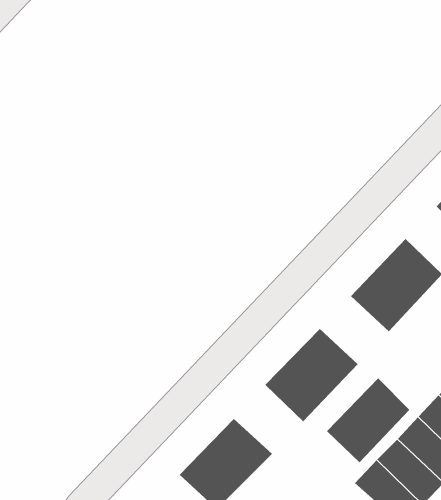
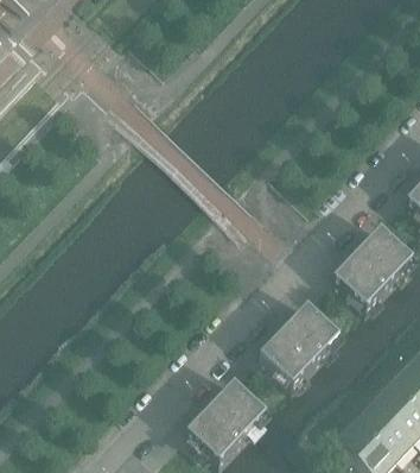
building: [326,378,410,463] -> none

